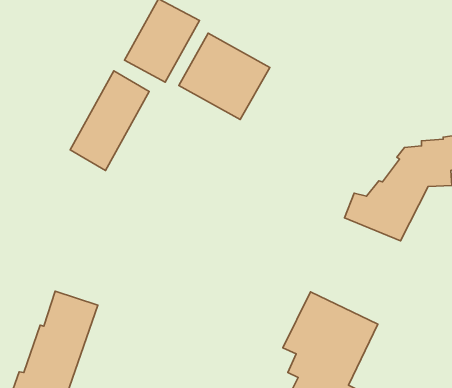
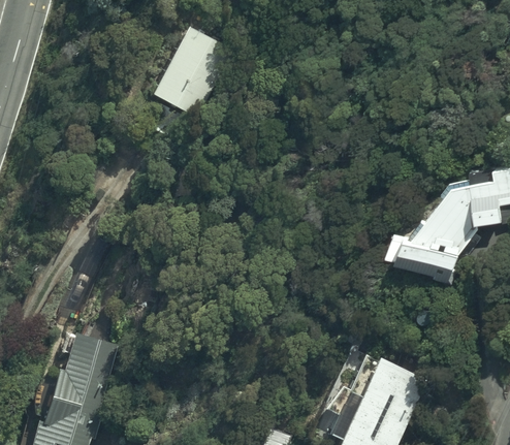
building: [179,33,270,119] -> none
building: [70,71,149,171] -> none

